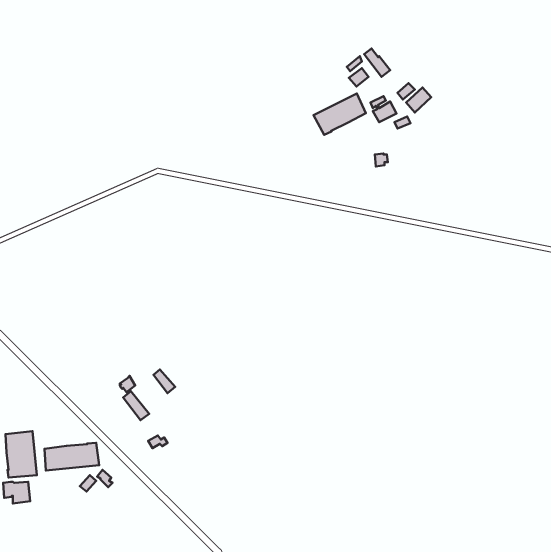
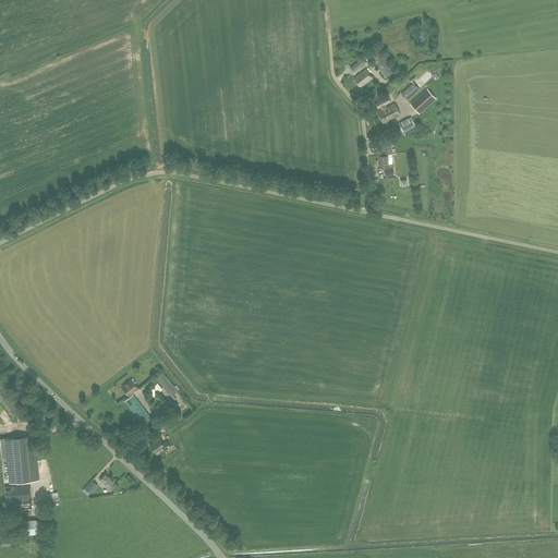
building: [314,94,366,135] -> none
building: [45,443,99,470] -> none

